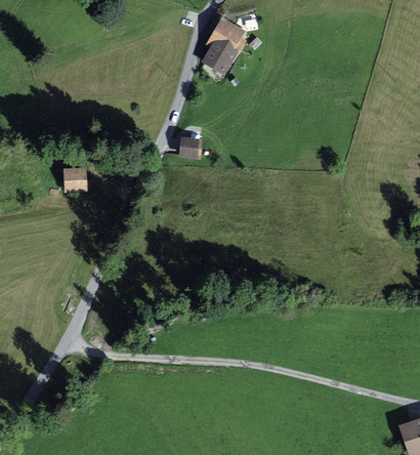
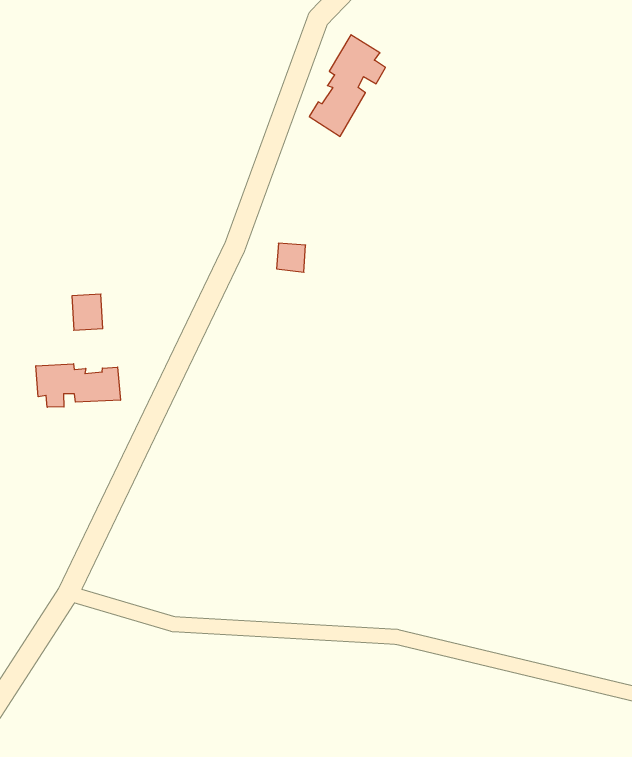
building: none -> [36,364,120,407]

